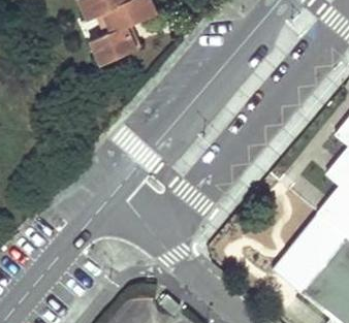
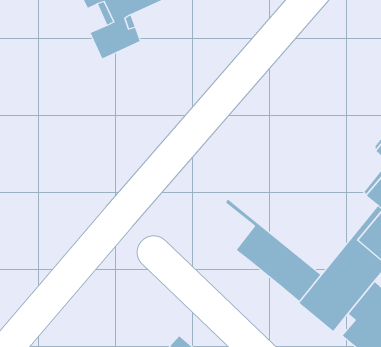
building: none -> [225,198,321,302]

